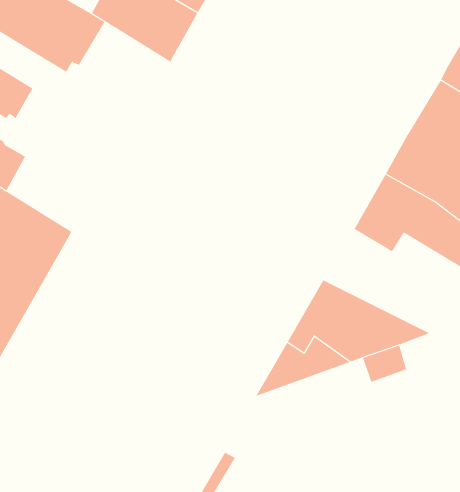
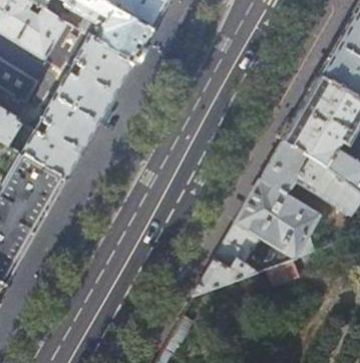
building: none -> [20,35,133,180]
building: none -> [239,178,322,251]

